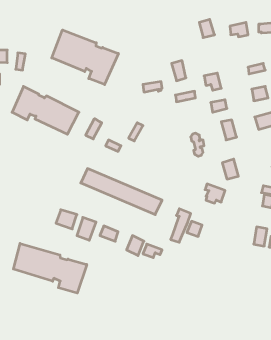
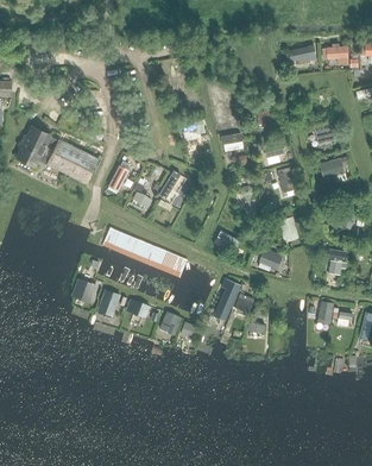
building: [52,30,118,85] -> none
building: [13,243,87,293] -> none

